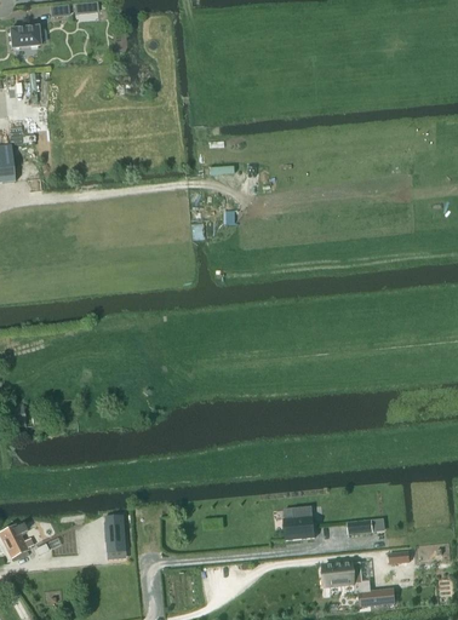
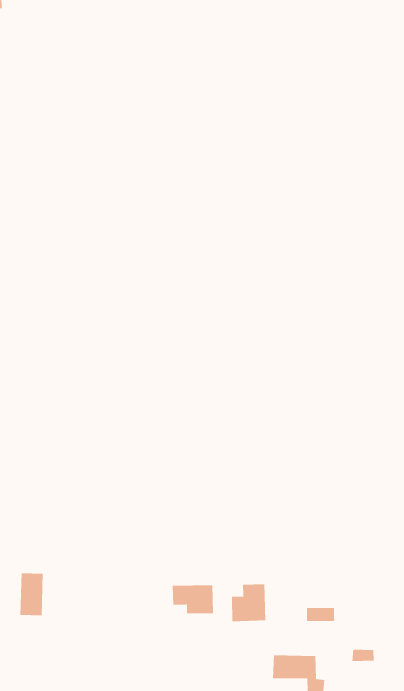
building: none -> [172,584,214,614]

